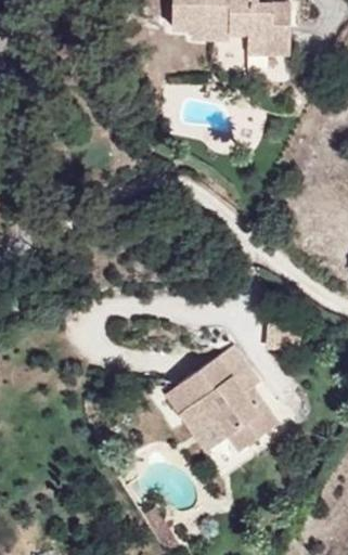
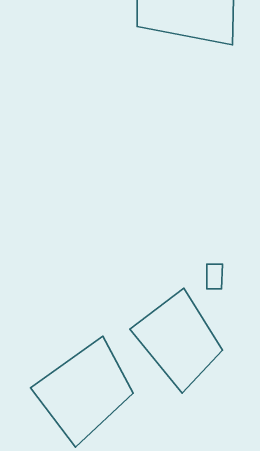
building: none -> [30,336,133,447]

